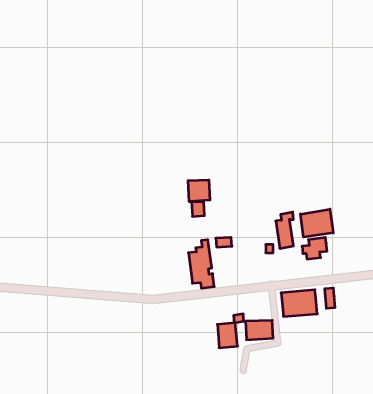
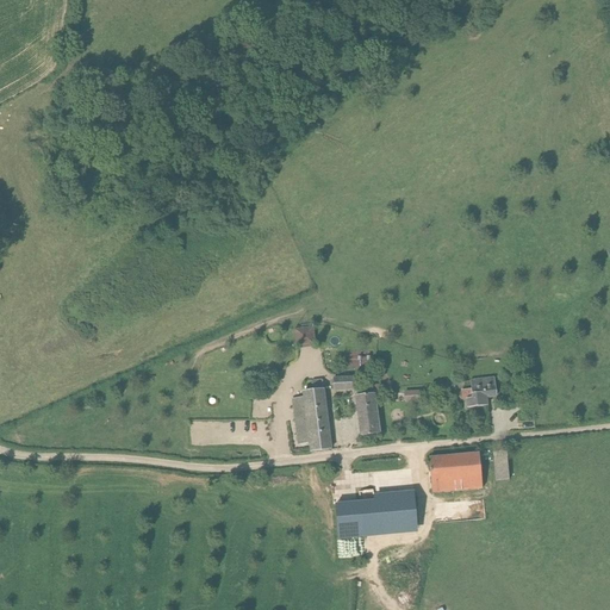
building: [188,180,210,202] -> none
building: [300,209,333,237] -> none
building: [276,212,293,248] -> [355,381,381,435]

